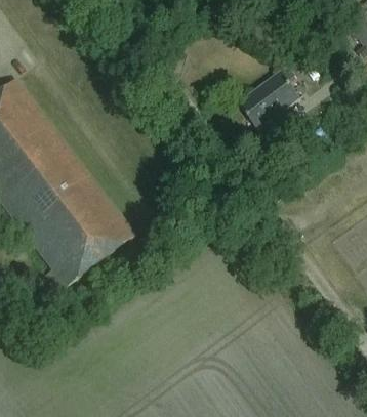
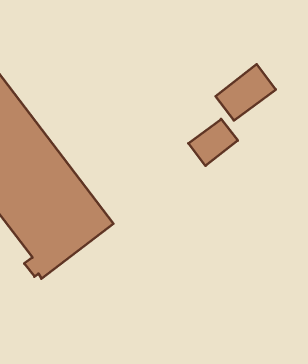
building: none -> [188,119,238,166]

